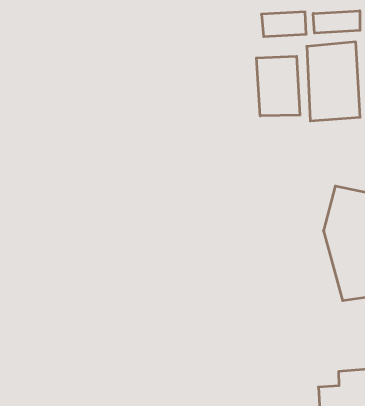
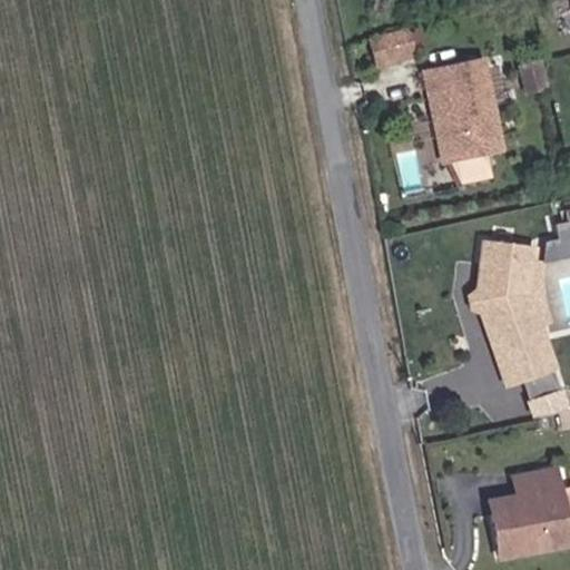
building: [313,11,360,33] -> none
building: [256,56,300,116] -> none

